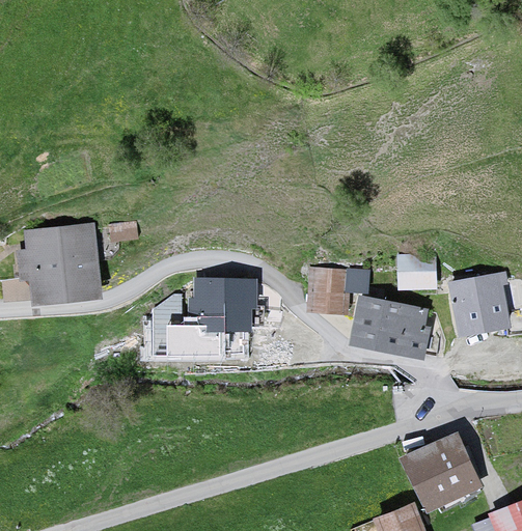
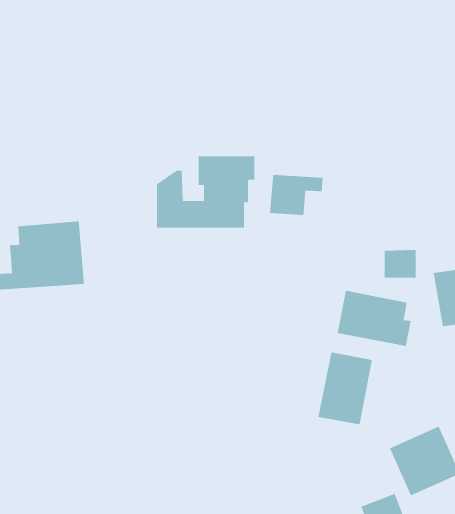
building: [310,270,365,311] -> [269,175,323,215]
building: [154,280,254,354] -> [156,156,255,228]
building: none -> [318,351,373,425]

